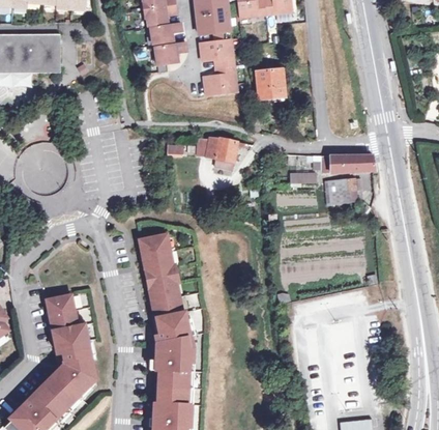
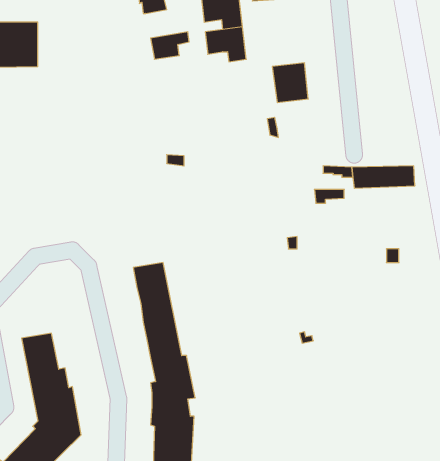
building: [150,22,182,45] -> none
building: [204,65,237,96] -> none
building: [198,137,244,169] -> none
building: [324,179,360,204] -> none

